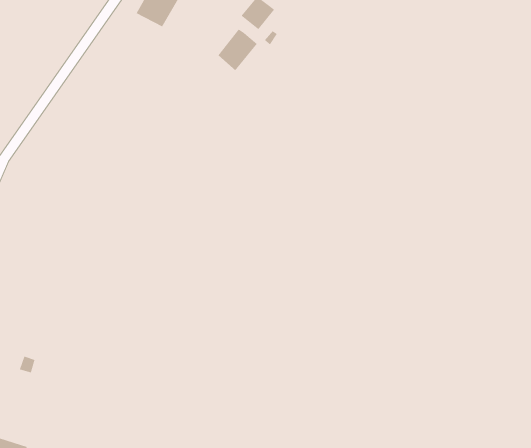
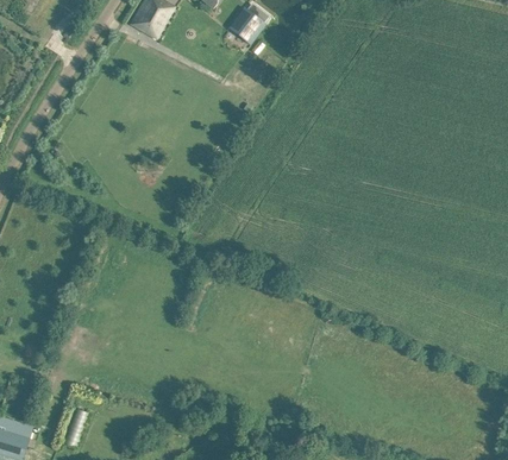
building: [217,28,258,71] -> none

